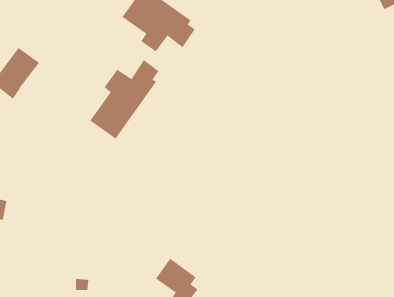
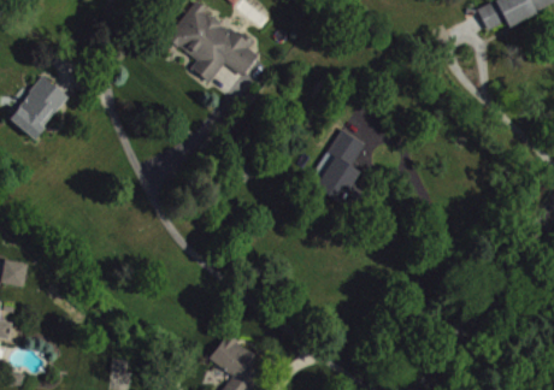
building: [89,59,159,140] -> none
building: none -> [314,130,364,203]

